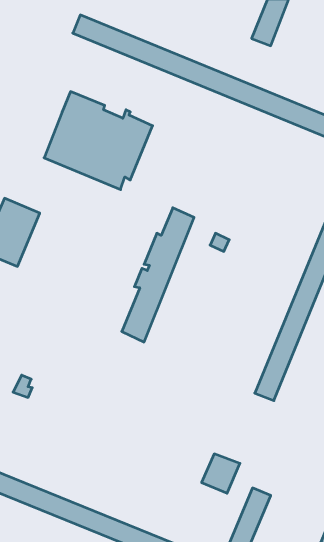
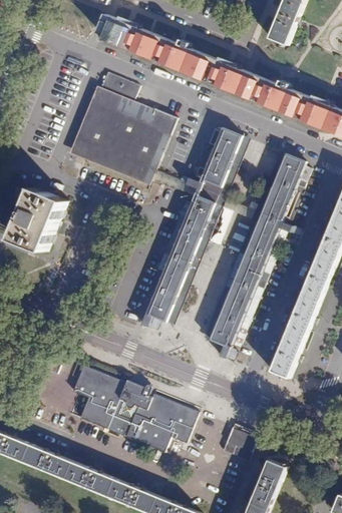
building: none -> [96,72,135,100]
building: none -> [193,131,240,196]
building: none -> [208,157,308,348]
building: none -> [73,369,198,454]

